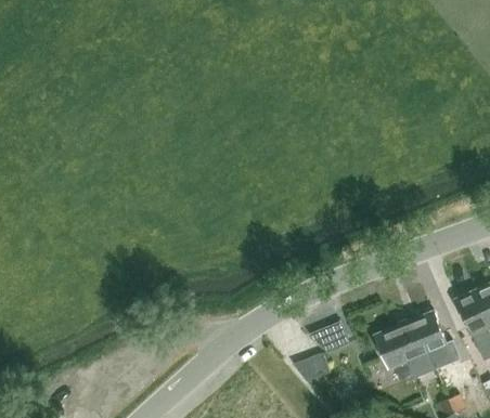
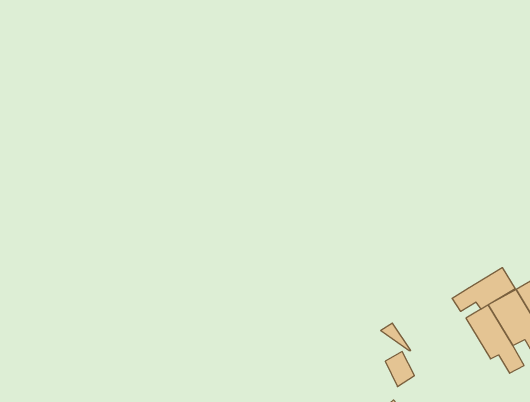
building: none -> [452,268,515,311]

